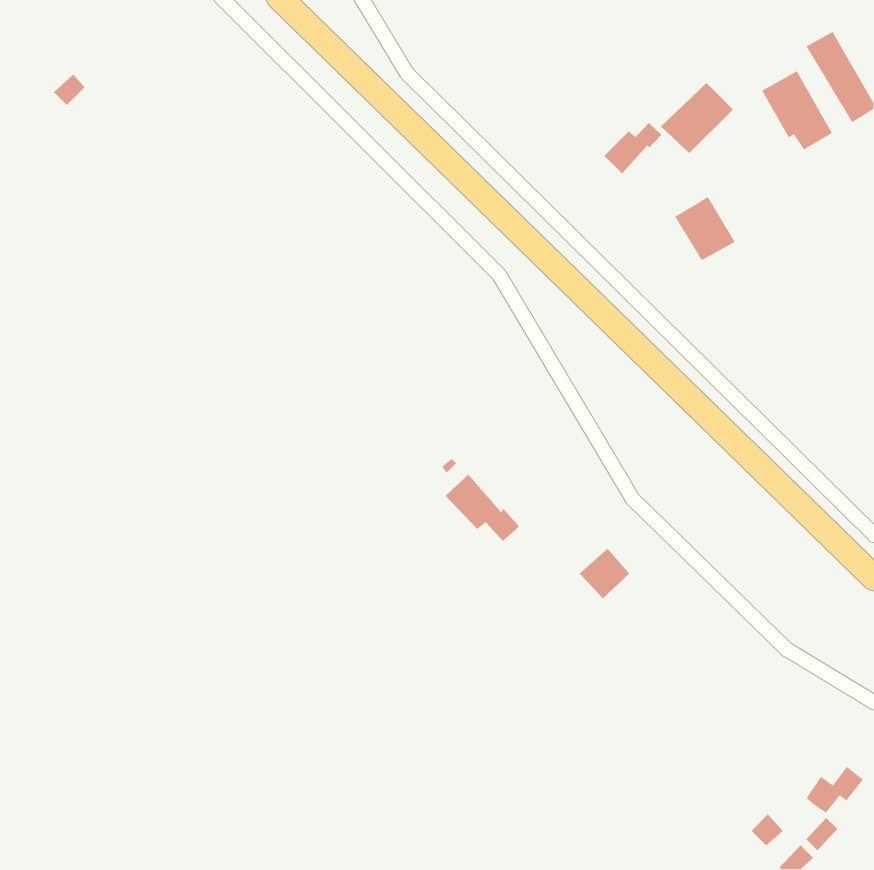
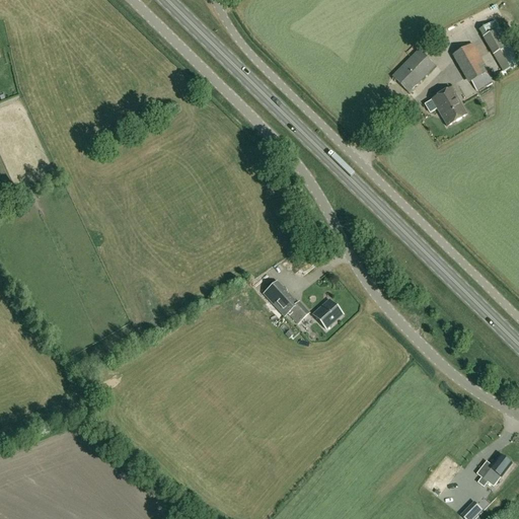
building: [603,122,662,174] -> none
building: [674,196,736,261] -> [431,86,467,125]
building: [579,548,630,599] -> [312,298,343,328]

